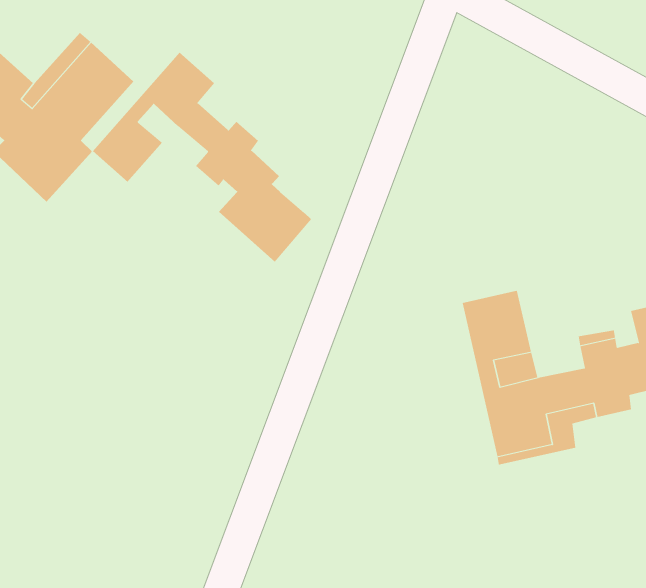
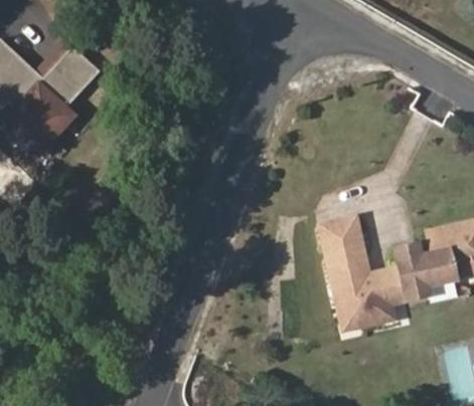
building: [92,52,312,262] -> none

